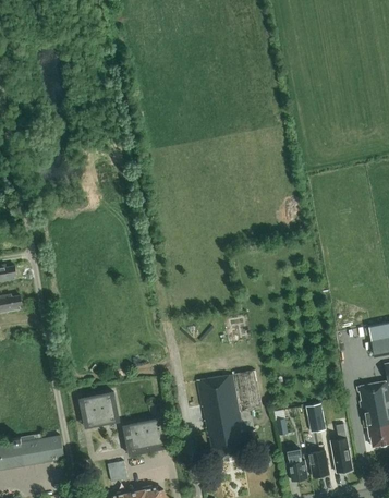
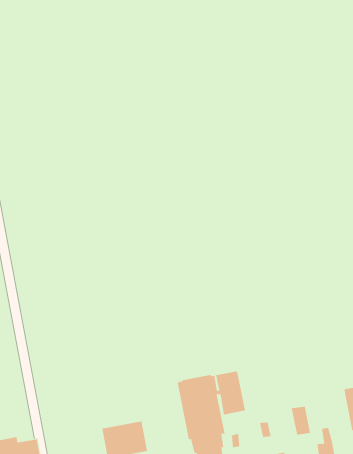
building: [80,391,120,427] -> none

